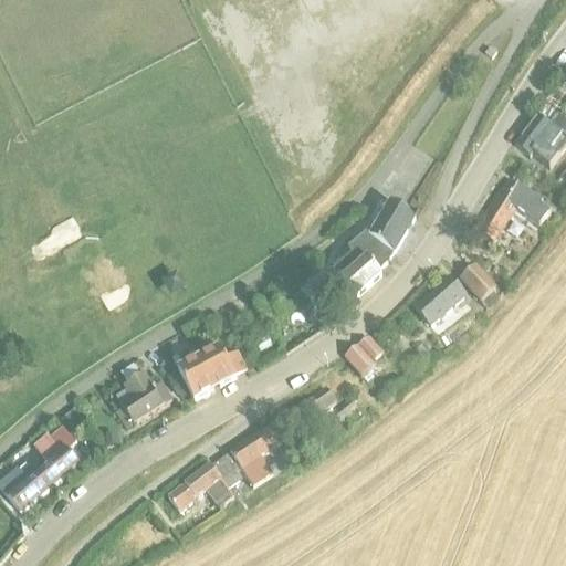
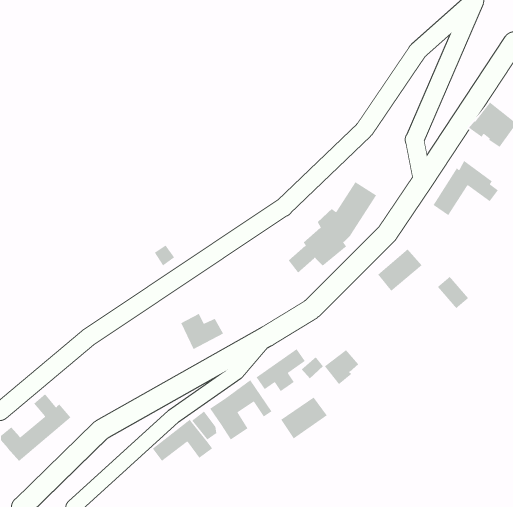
building: [461,262,496,298] -> [437,276,469,309]
building: [345,334,384,374] -> [324,349,359,385]
building: [172,350,213,396] -> none
building: [116,371,171,419] -> none
building: none -> [280,396,328,440]

